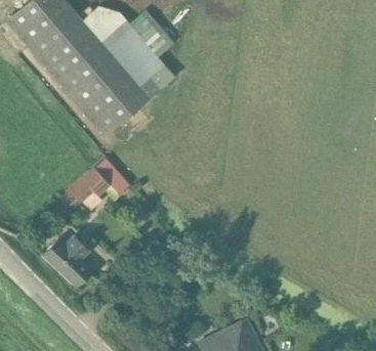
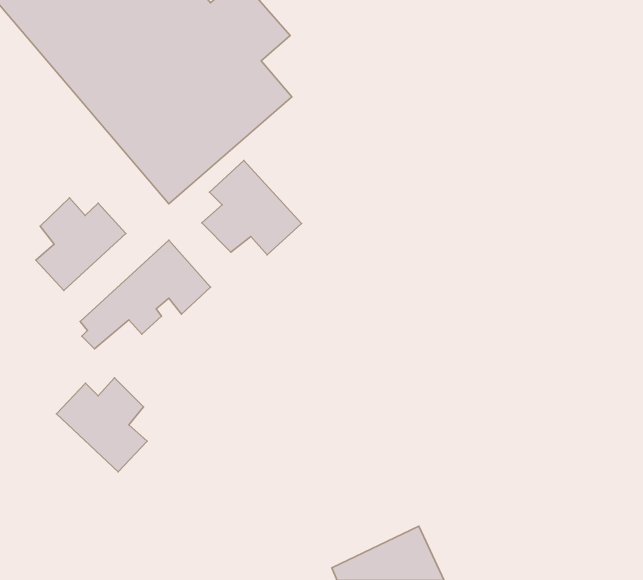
building: none -> [202,161,301,255]
building: none -> [36,198,126,290]

